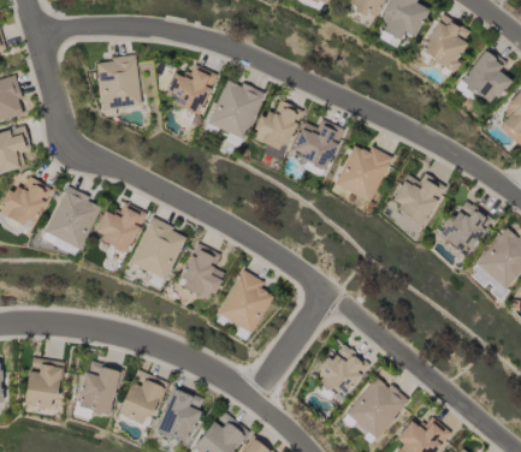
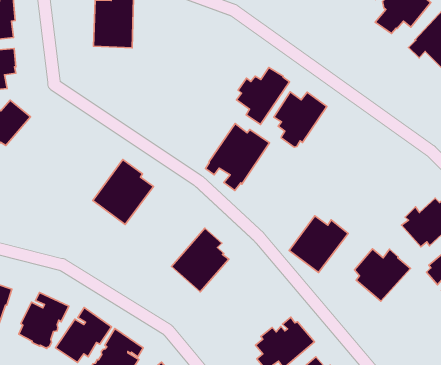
building: [166,65,218,124] -> none
building: [206,82,265,148] -> [206,123,270,190]
building: [336,147,391,202] -> [289,216,348,272]
building: [393,174,449,227] -> [354,249,411,301]
building: [45,188,101,251] -> none
building: [96,203,147,261] -> none
building: [179,244,224,301] -> none

